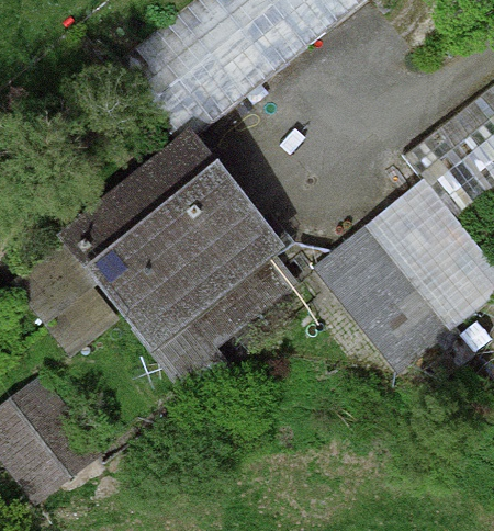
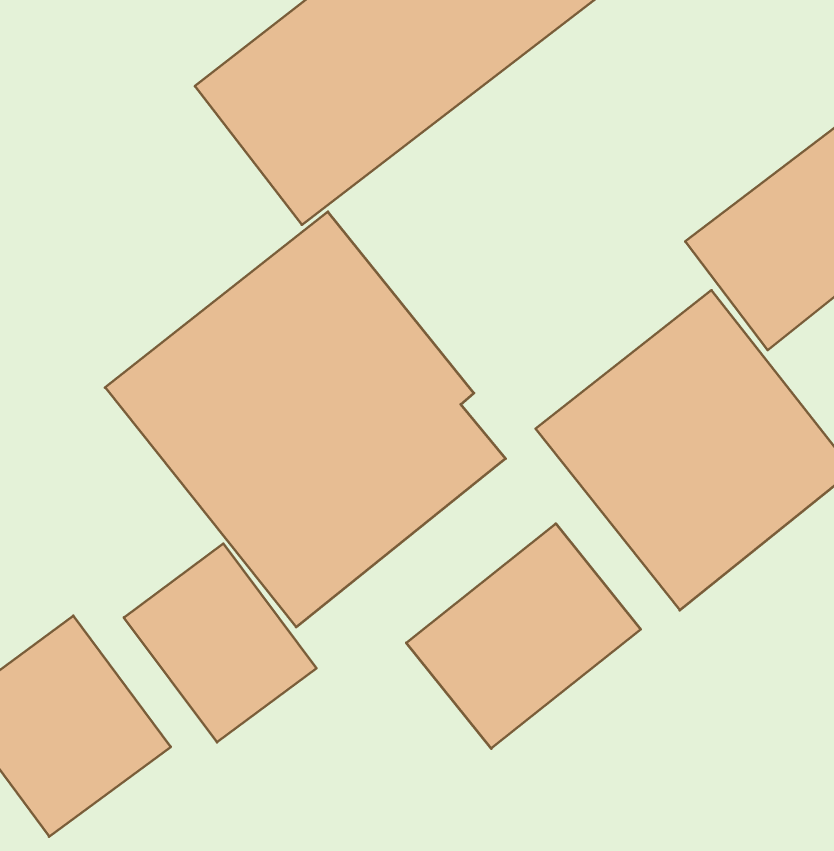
building: none -> [406,524,641,749]
building: none -> [124,544,316,742]

